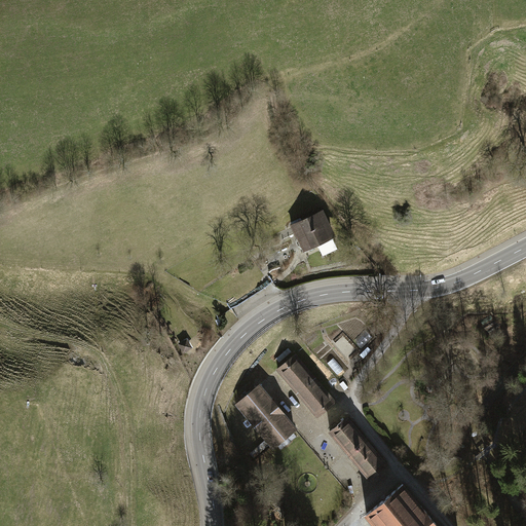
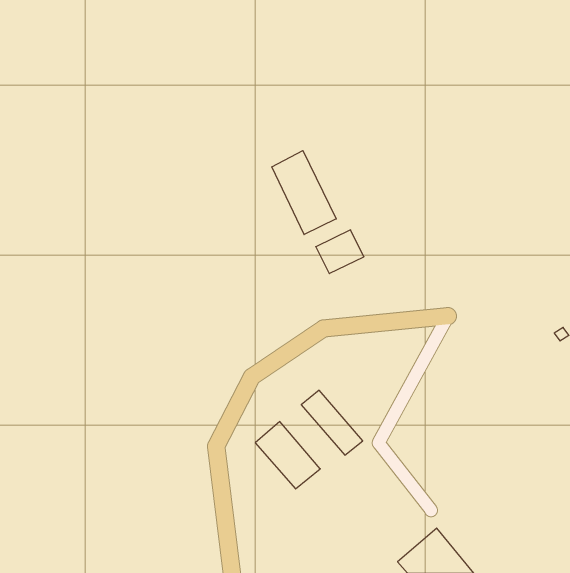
building: none -> [272,151,336,235]
building: [328,418,384,479] -> none

